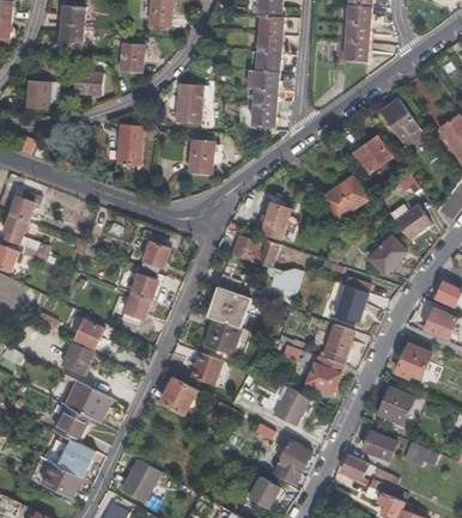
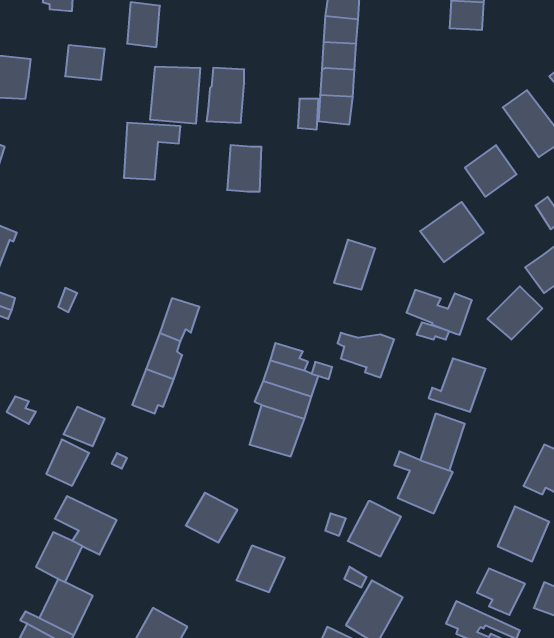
building: none -> [150,67,200,124]
building: [235,238,280,269] -> [406,290,472,335]
building: [188,351,221,383] -> [236,546,285,592]

